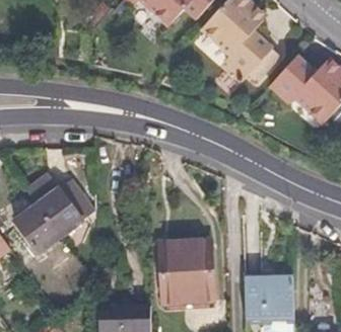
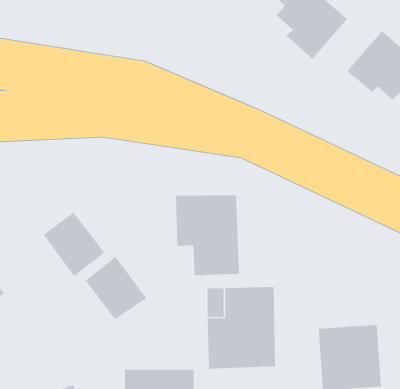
building: none -> [175,195,239,276]
building: [17,206,64,254] -> [85,256,147,320]

